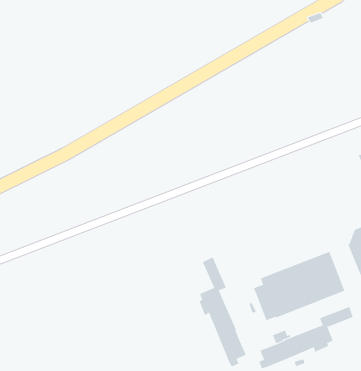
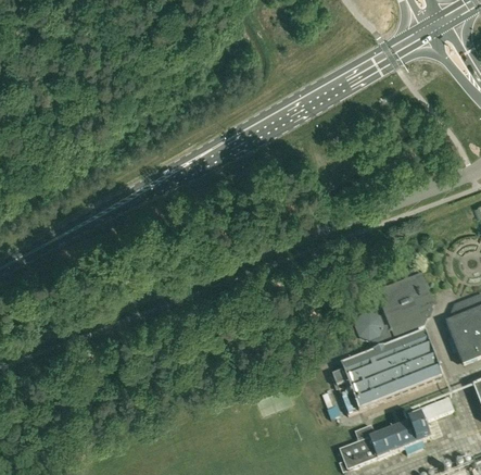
building: none -> [354,268,434,343]
building: [199,257,246,367] -> none

